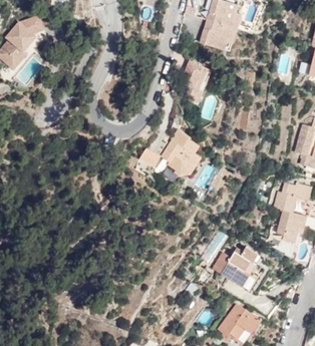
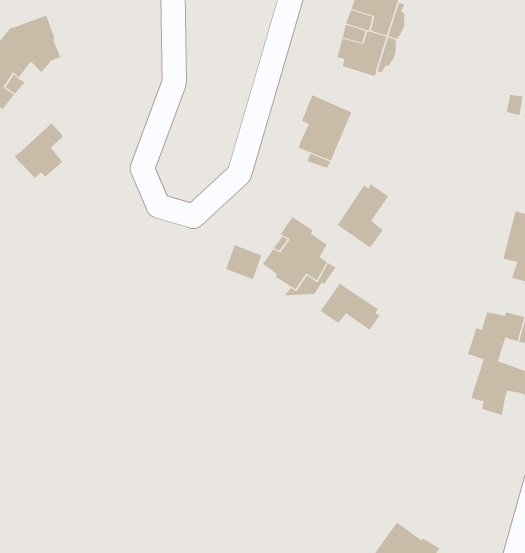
building: none -> [14,123,63,179]
building: none -> [337,184,389,249]
building: none -> [320,283,380,331]
building: [211,246,262,290] -> none

